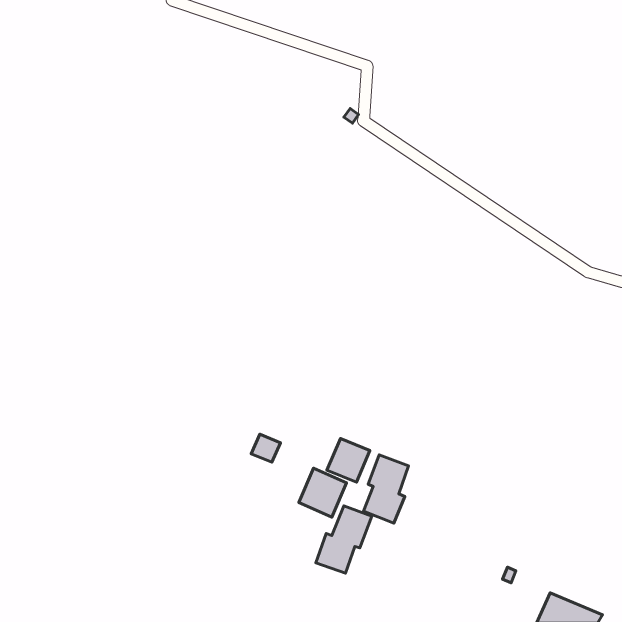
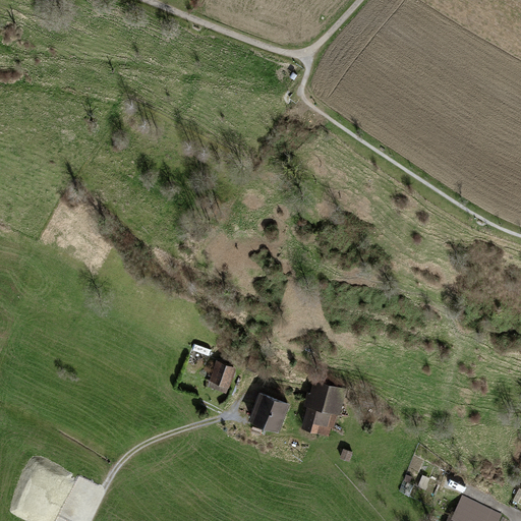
building: [327,438,370,482] -> none
building: [316,506,372,573] -> none

